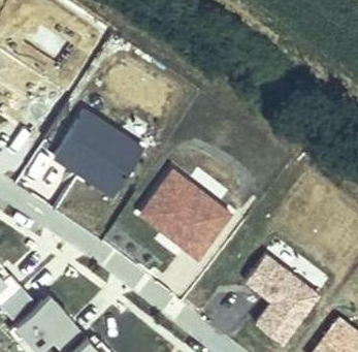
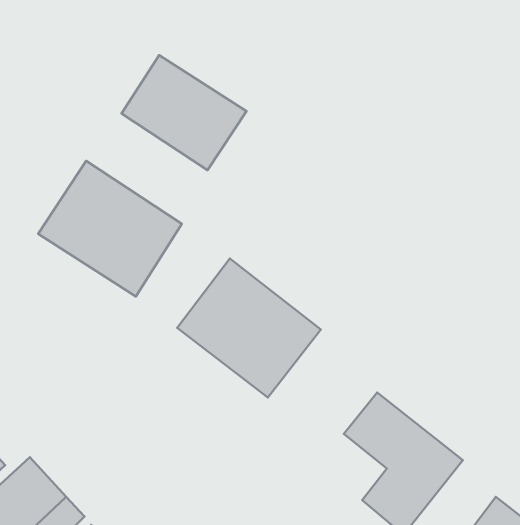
building: none -> [122,55,246,170]

